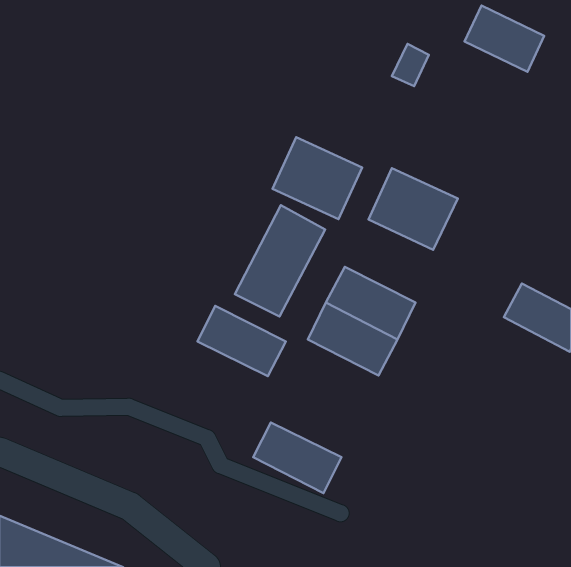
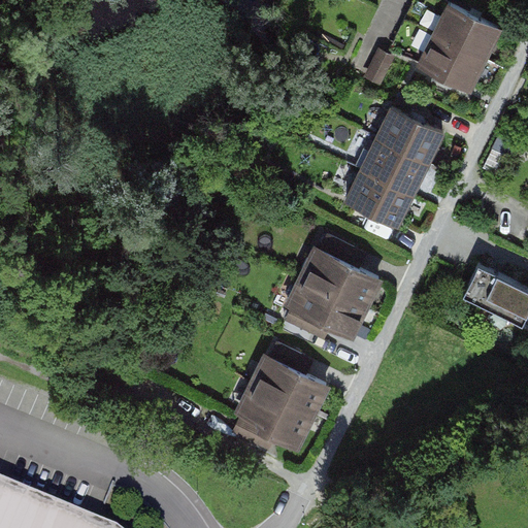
building: none -> [411,38,486,98]
building: [273,137,362,219] -> [361,107,443,183]
building: [235,205,325,316] -> none
building: [197,306,286,376] -> [250,356,331,421]

